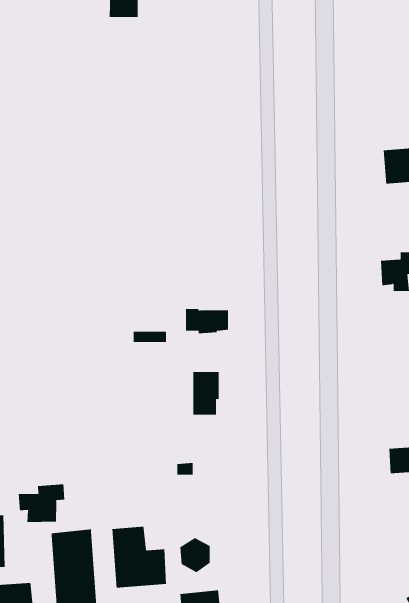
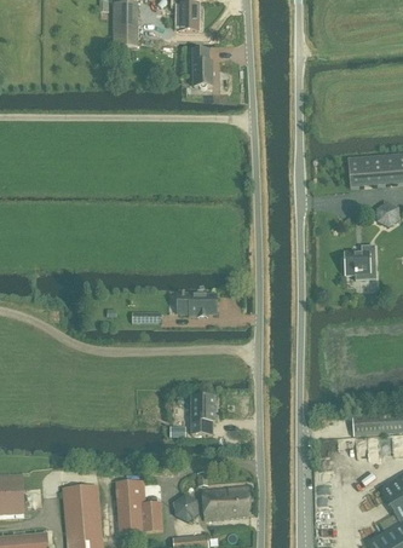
building: none -> [192,50,212,88]
building: [193,371,220,415] -> [190,397,213,434]
building: [18,484,65,523] -> none
building: none -> [201,486,249,519]

